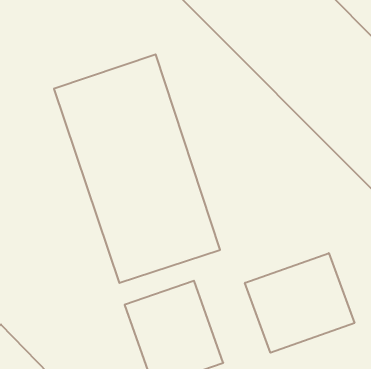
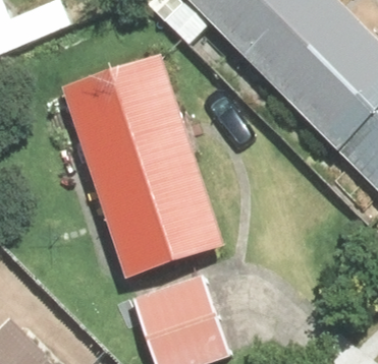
building: [245,253,354,353] -> none

